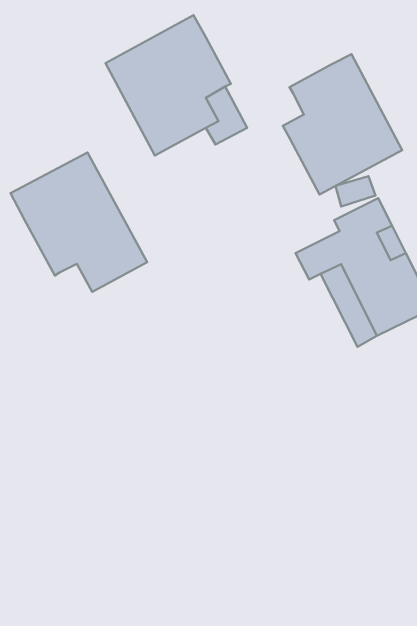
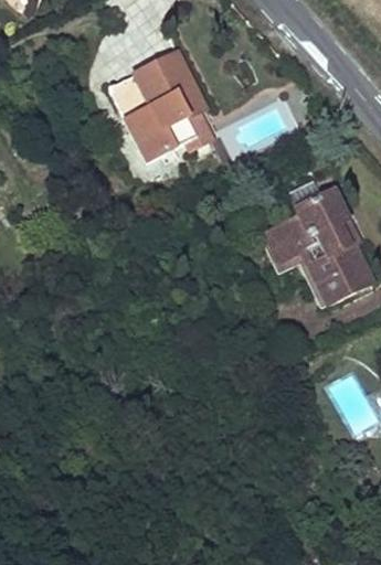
building: [283,54,402,194] -> none
building: [11,152,147,292] -> none

